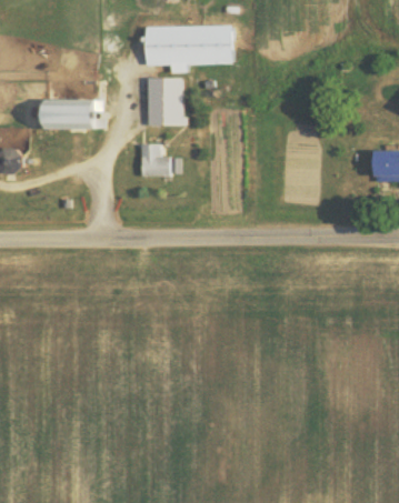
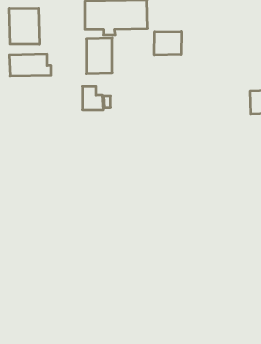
building: none -> [9,8,39,44]
building: none -> [154,31,181,55]

